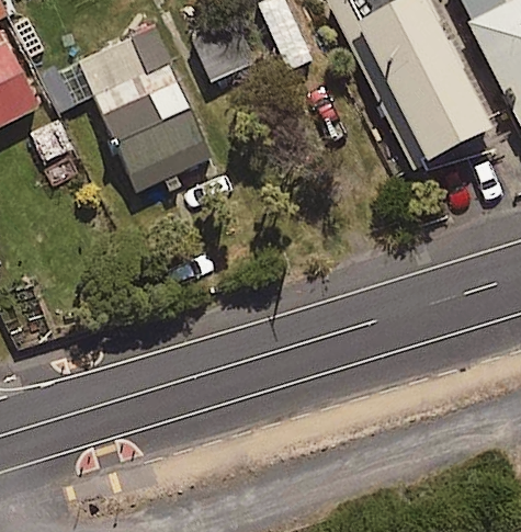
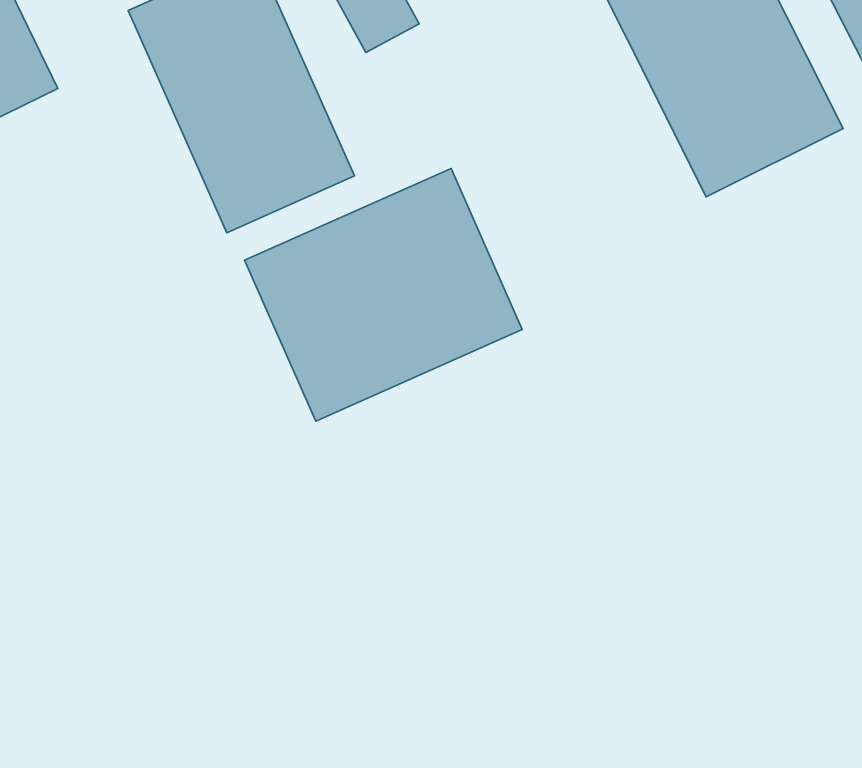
building: none -> [245,168,522,421]

